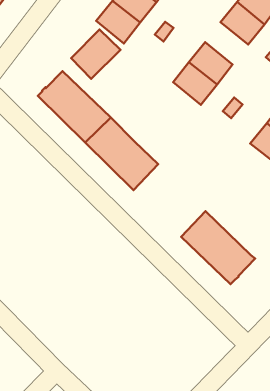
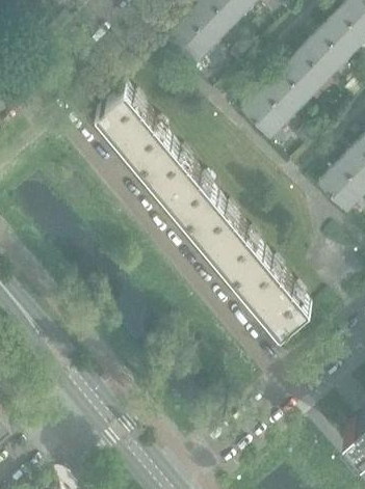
building: none -> [276,57,321,104]
building: [71,29,120,79] -> none
building: none -> [183,202,258,282]

